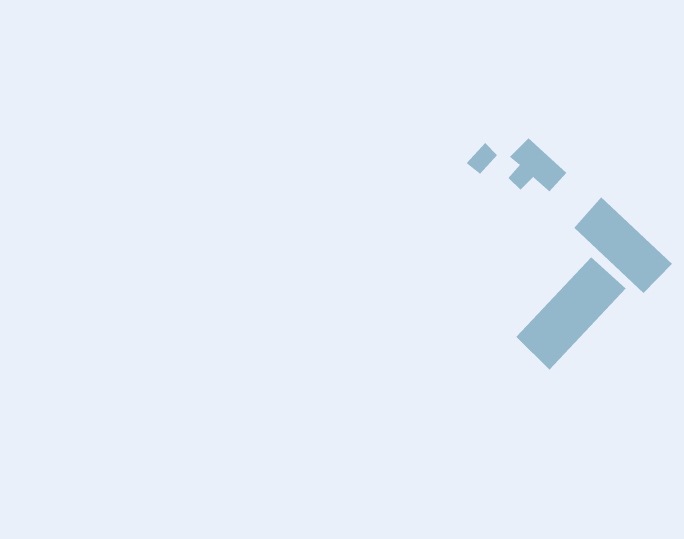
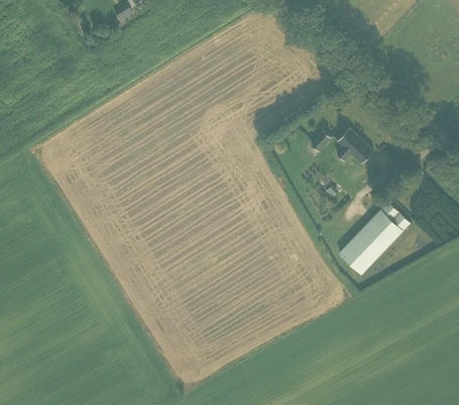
building: [574,197,673,294] -> none

